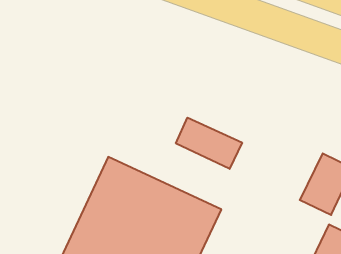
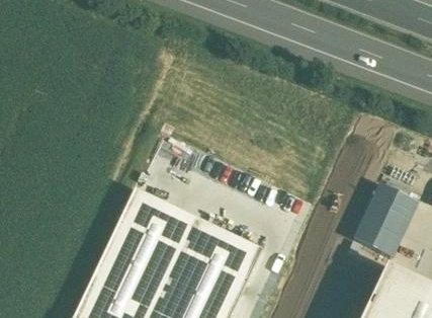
building: [176,118,242,169] -> none

